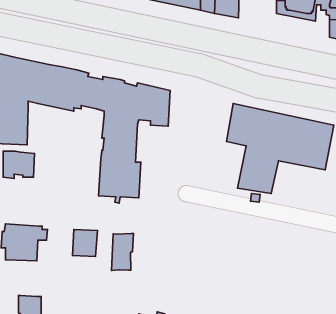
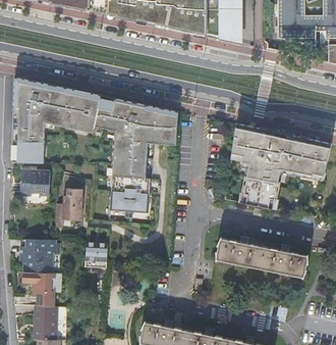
building: none -> [56,189,83,228]
building: none -> [220,239,306,278]
building: [112,234,133,271] -> none
building: none -> [24,272,56,306]

